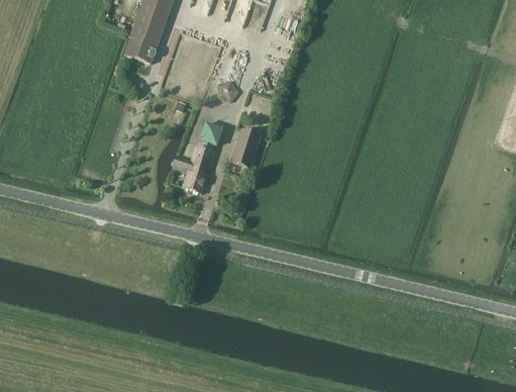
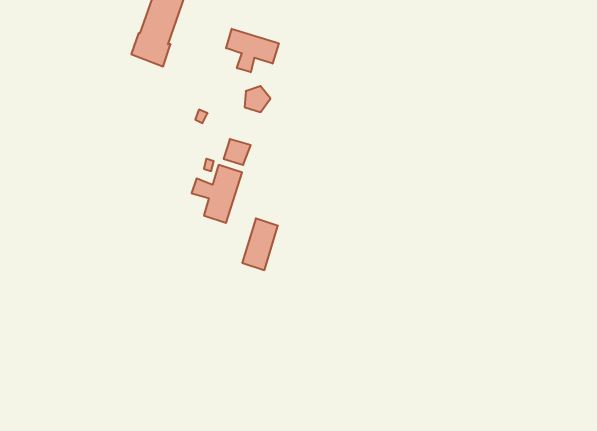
building: none -> [226,29,279,72]
building: [231,124,261,167] -> [242,218,278,270]

